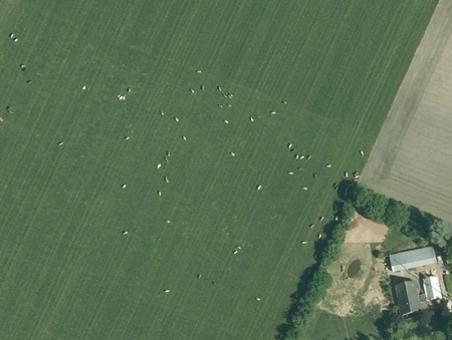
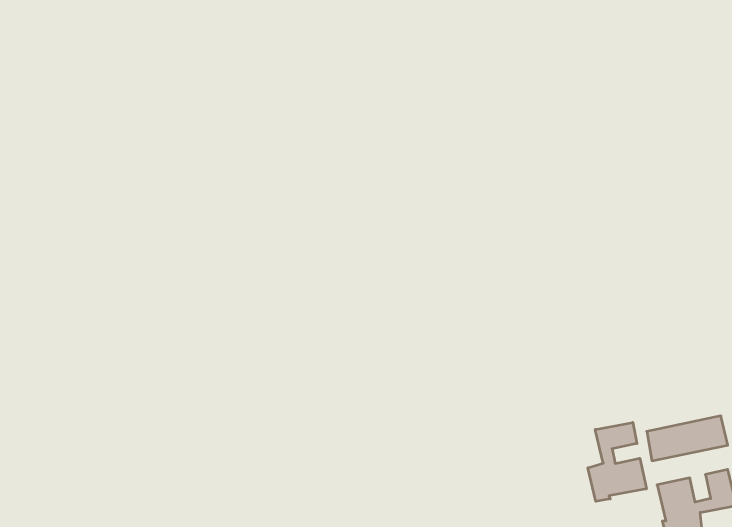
building: none -> [588,422,646,501]

